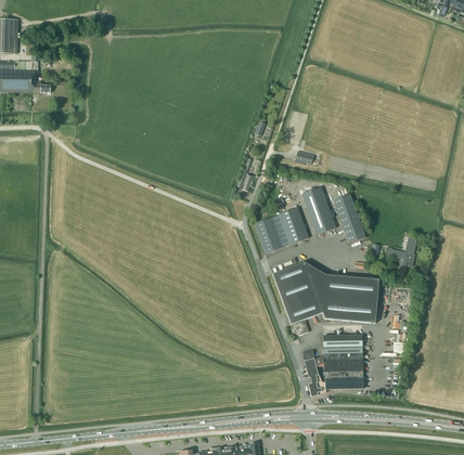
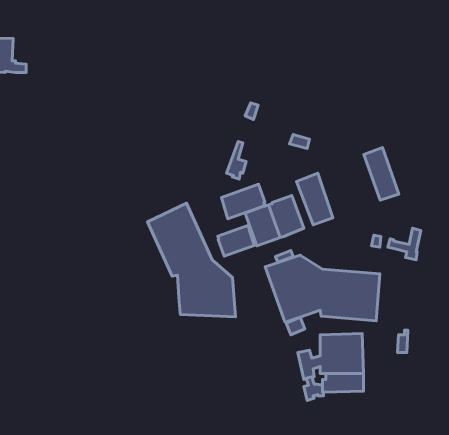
building: [333,194,365,243] -> [364,147,399,200]
building: none -> [221,184,265,219]
building: none -> [147,203,235,317]
building: none -> [218,225,254,256]

